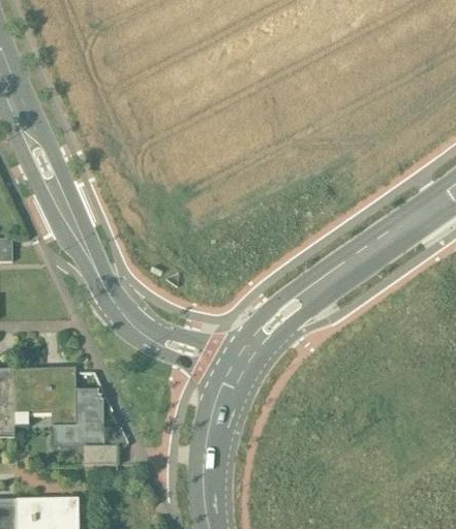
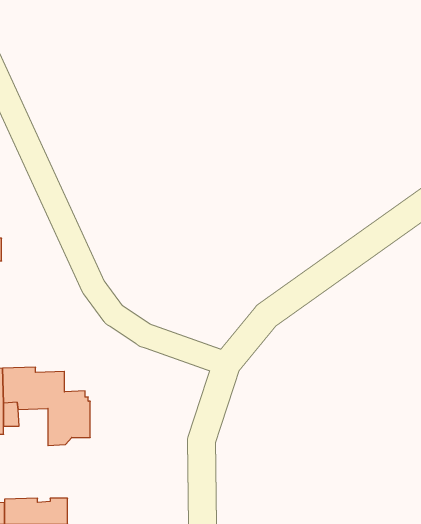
building: [82,446,117,465] -> none

